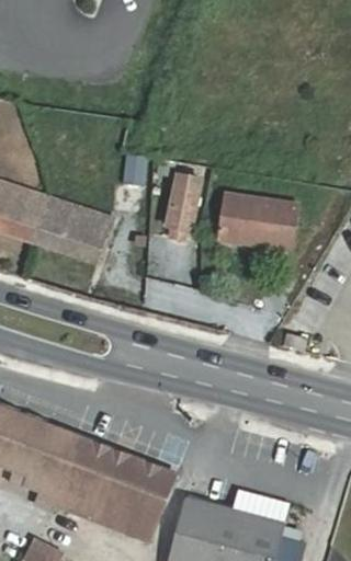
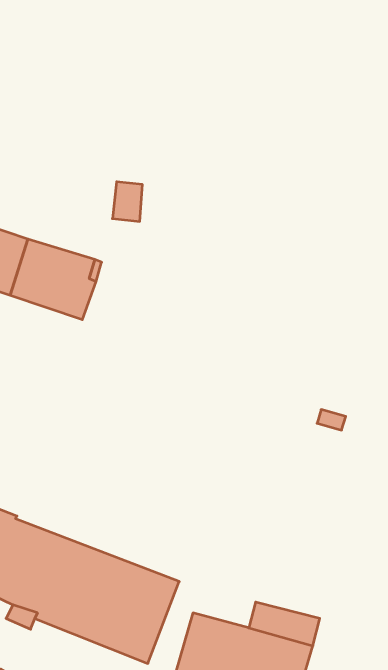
building: [168,175,201,231] -> none
building: [219,192,299,249] -> none

